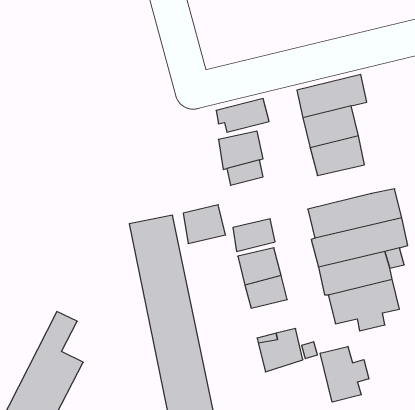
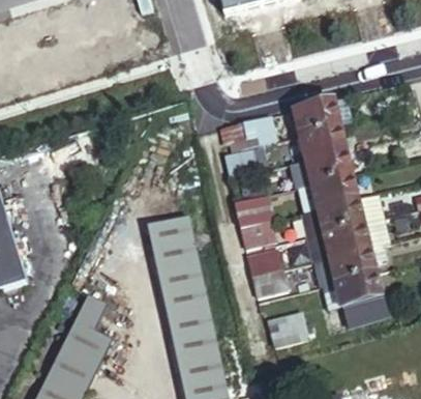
building: none -> [297,170,358,208]
building: [183,205,226,243] -> [235,191,271,224]
building: [320,346,369,402] -> none

